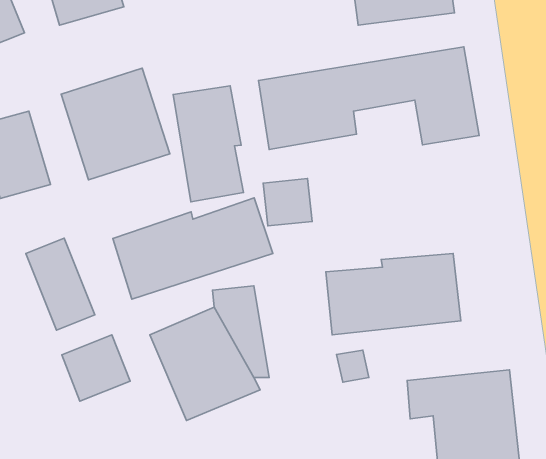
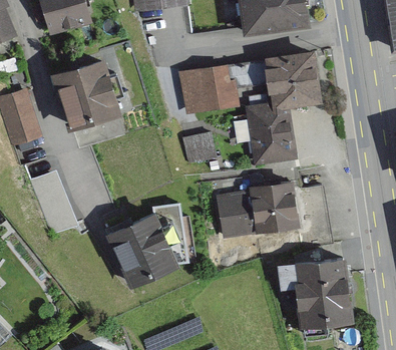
building: [173,86,244,202] -> none
building: none -> [240,100,305,164]
building: [113,198,273,299] -> none
building: [62,335,130,401] -> none

